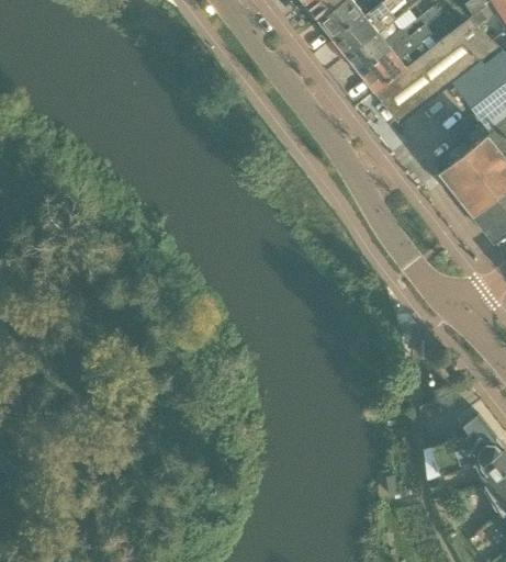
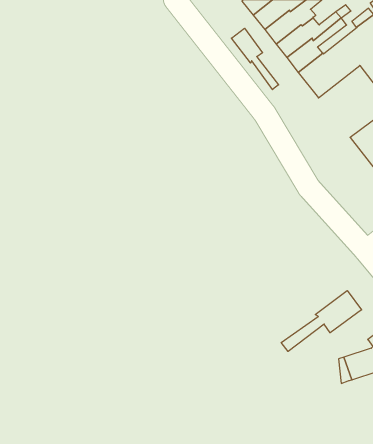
building: none -> [231,28,279,90]
building: none -> [281,291,362,351]

